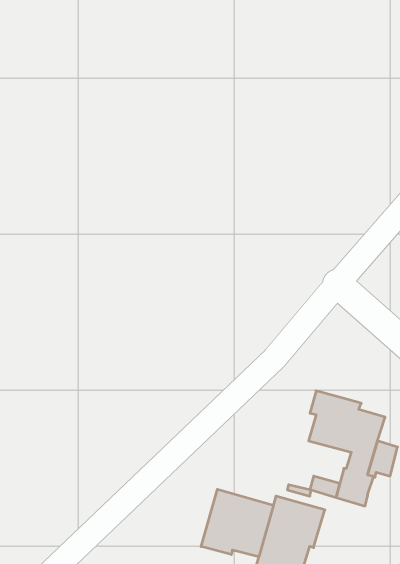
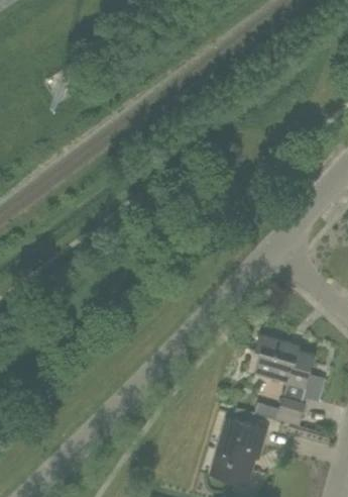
building: [201,489,273,557] -> none

